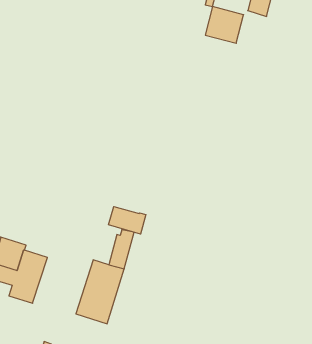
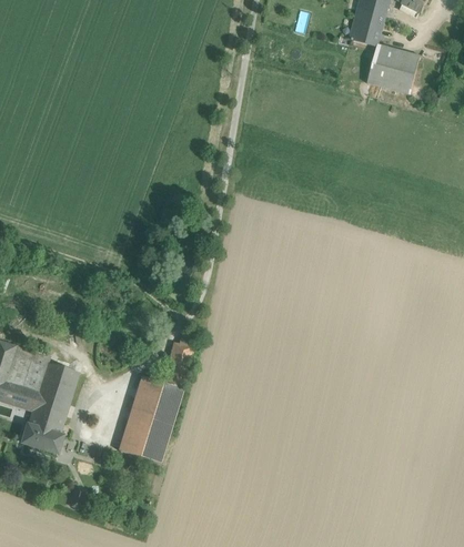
building: [205,7,244,43] -> [367,44,420,94]
building: [108,207,146,234] -> none
building: none -> [21,425,62,453]

